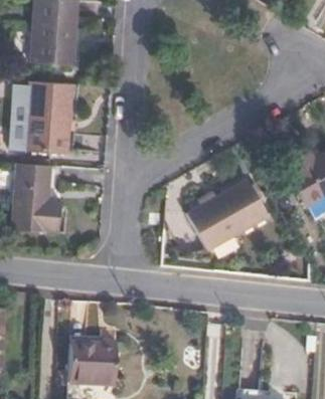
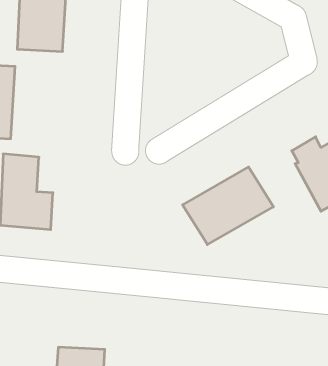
building: [25,82,71,153] -> none

